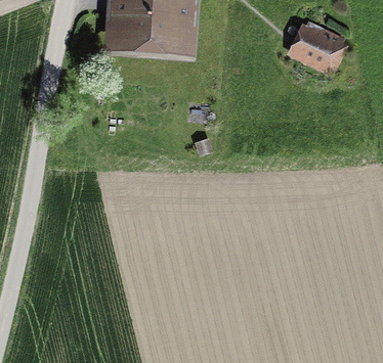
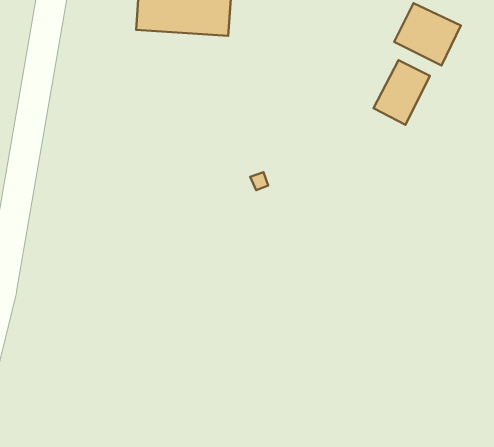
building: none -> [374,60,430,125]

